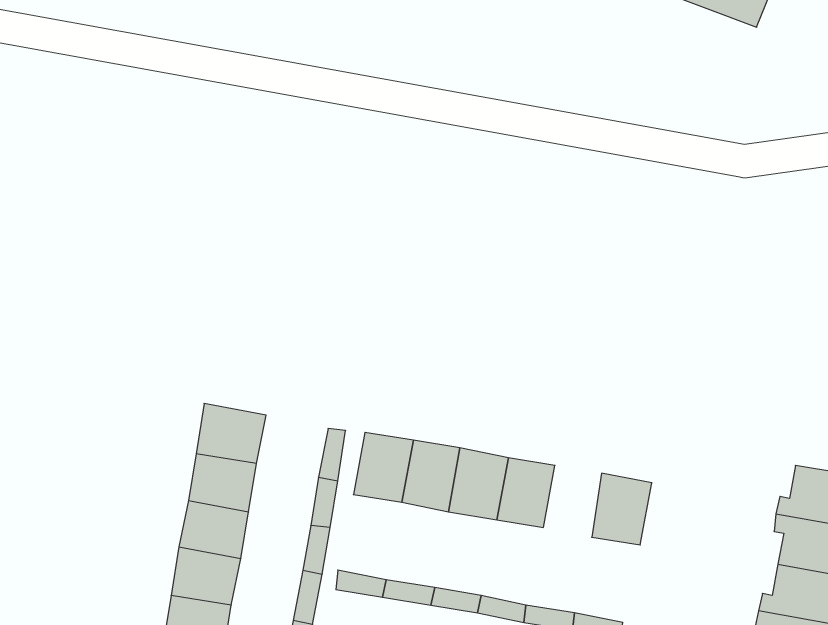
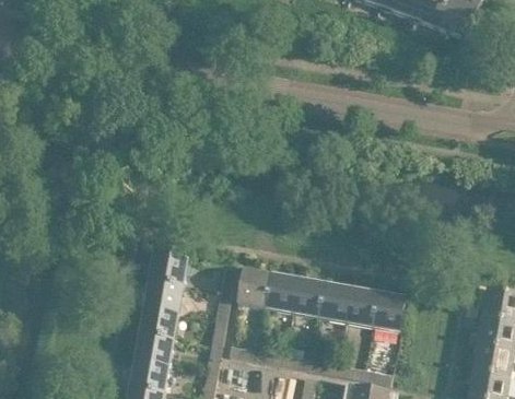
building: none -> [347,285,379,326]

